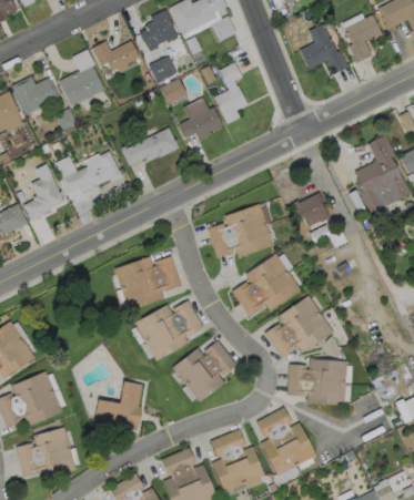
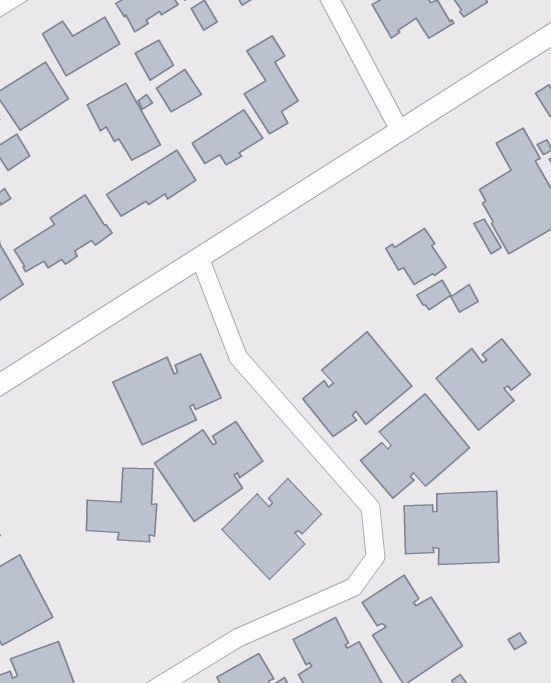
building: none -> [87,83,161,160]
building: [208,203,274,257] -> none
building: none -> [436,339,530,430]
building: [97,381,142,429] -> [86,468,157,542]

